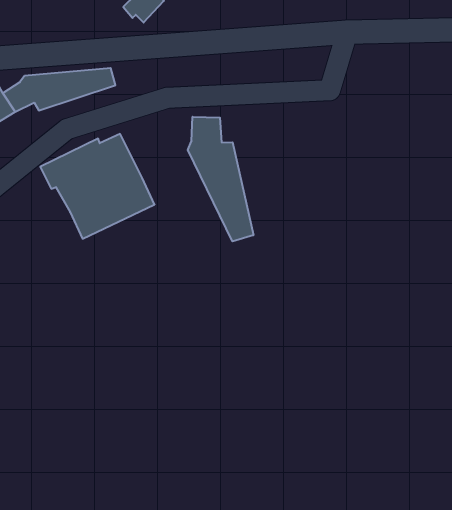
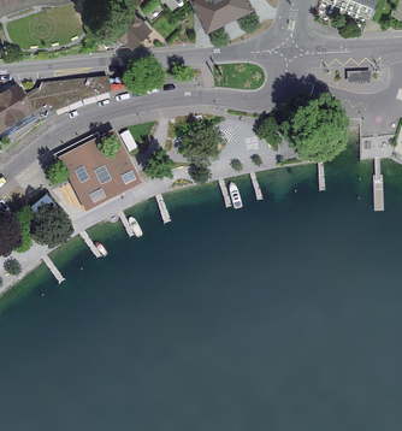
building: [188,117,253,241] -> none

